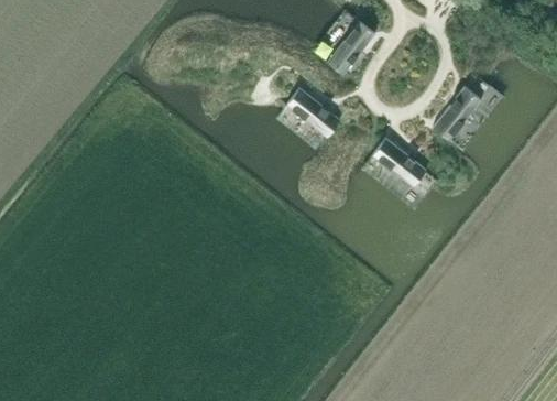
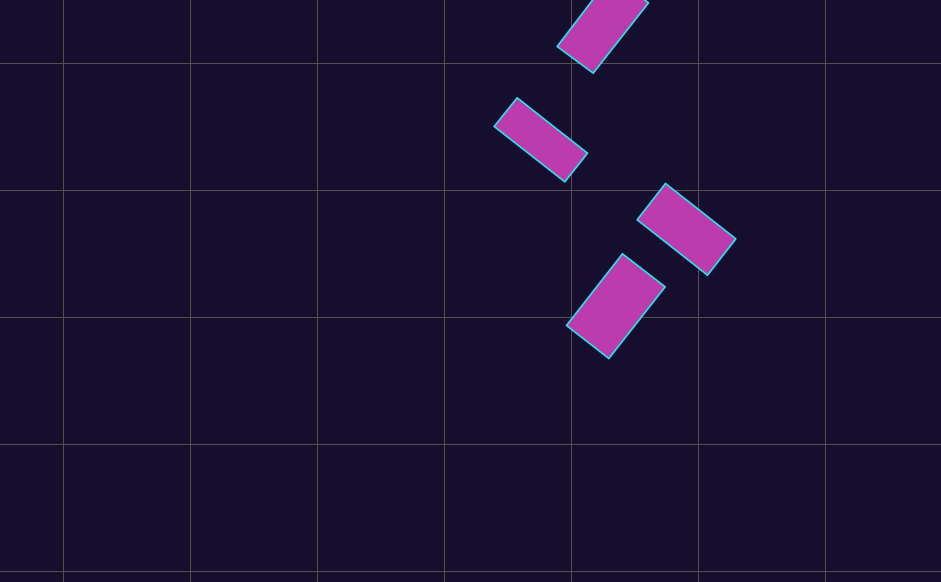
building: [434,87,487,144] -> none
building: none -> [566,254,665,359]

